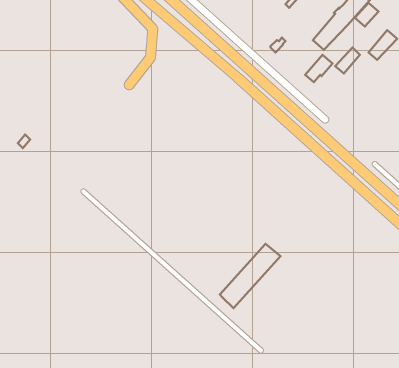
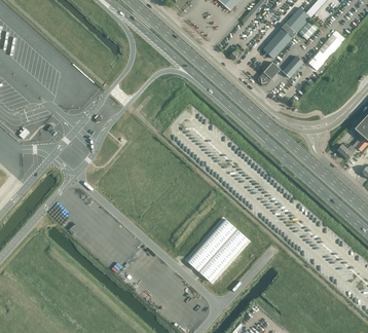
building: none -> [197,229,248,282]

